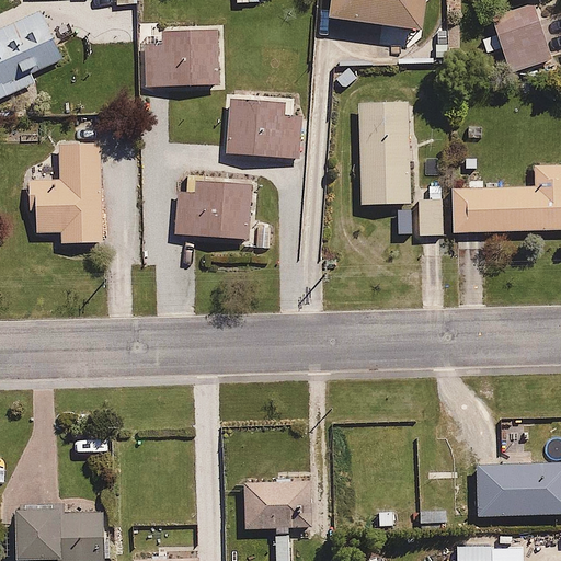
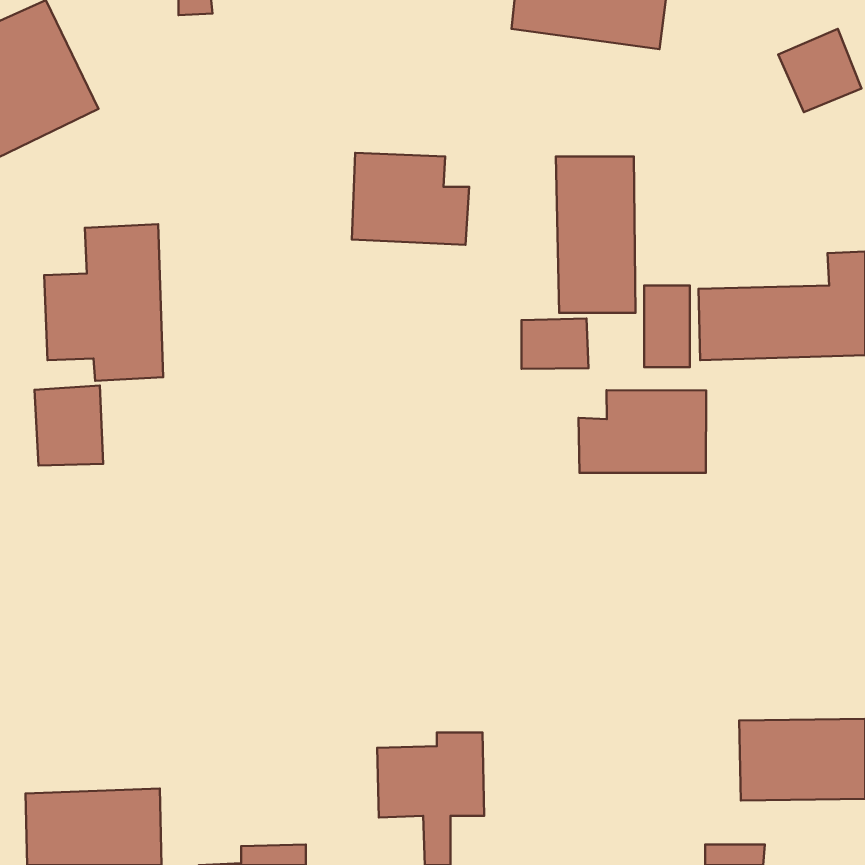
building: [140,28,219,88] -> none
building: [175,182,252,234] -> none
building: none -> [521,319,589,369]
building: none -> [35,385,103,465]
building: none -> [579,390,706,473]

